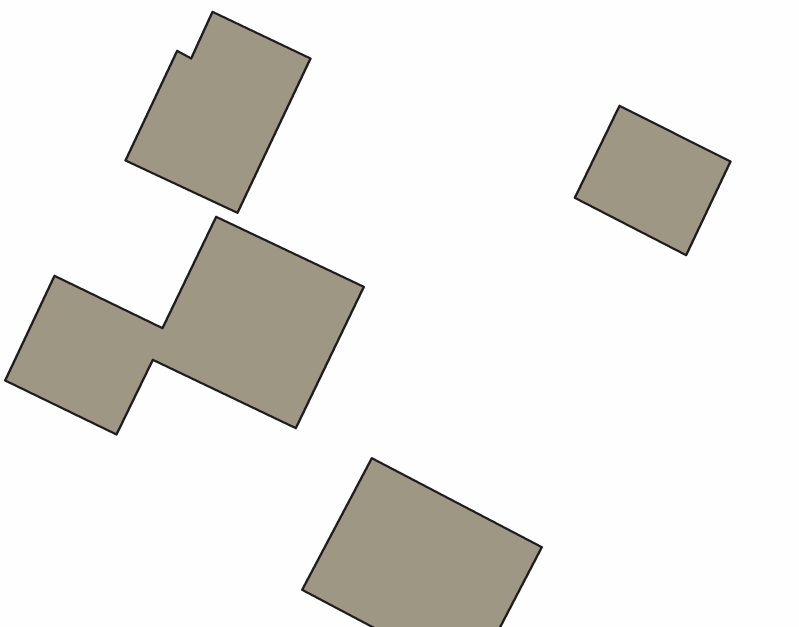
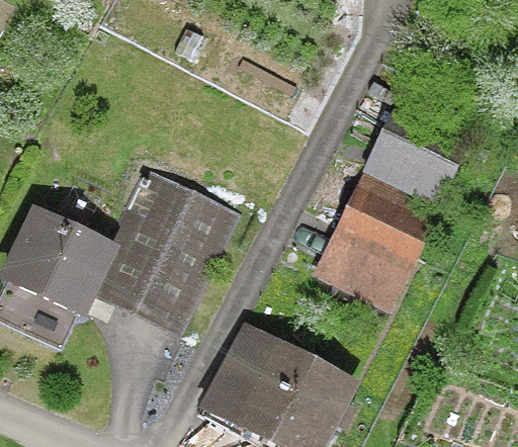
building: [125,12,310,213] -> none
building: none -> [323,172,439,297]

